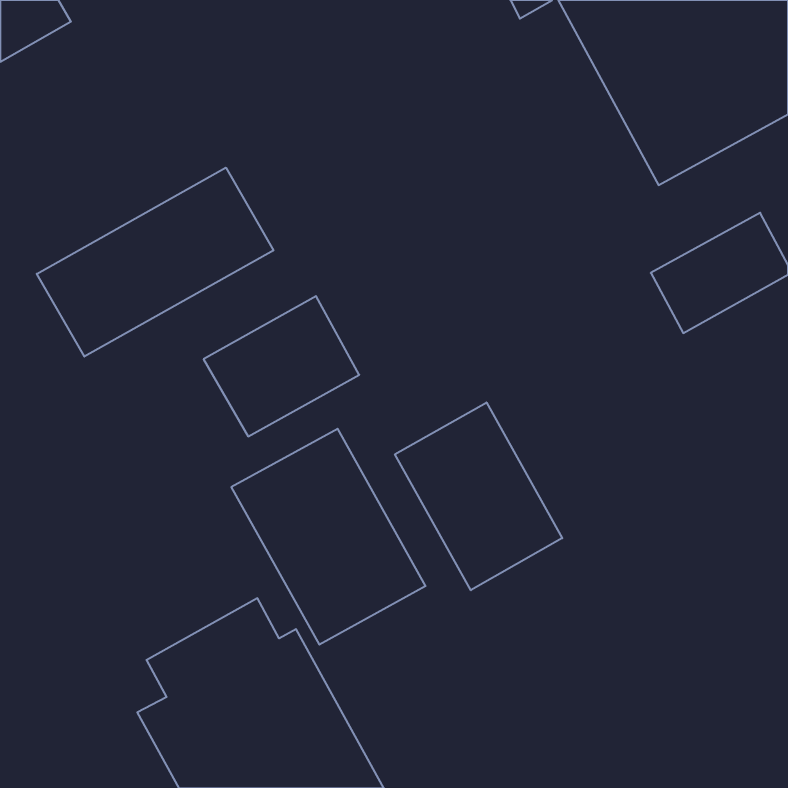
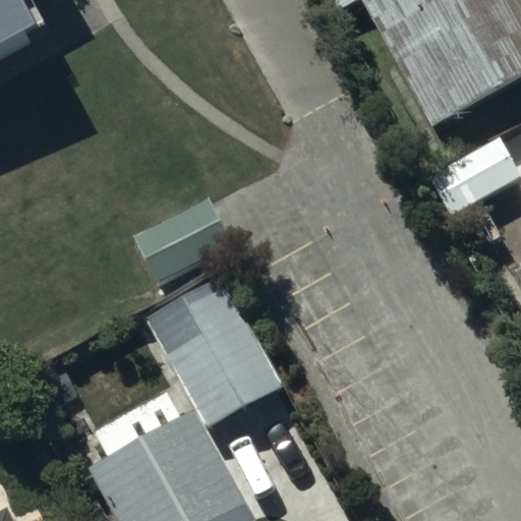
building: [37,168,273,357] -> none
building: [395,402,562,590] -> none

